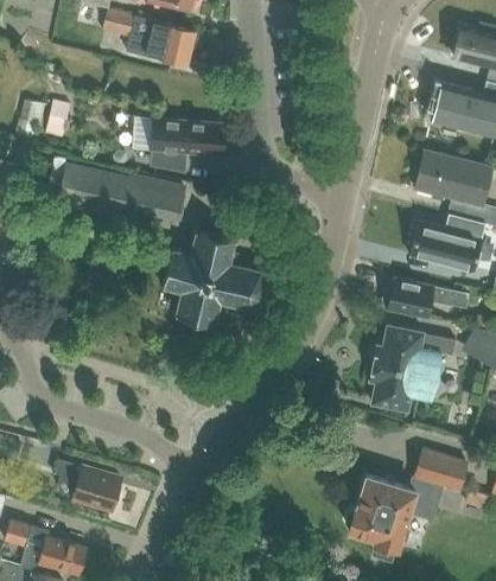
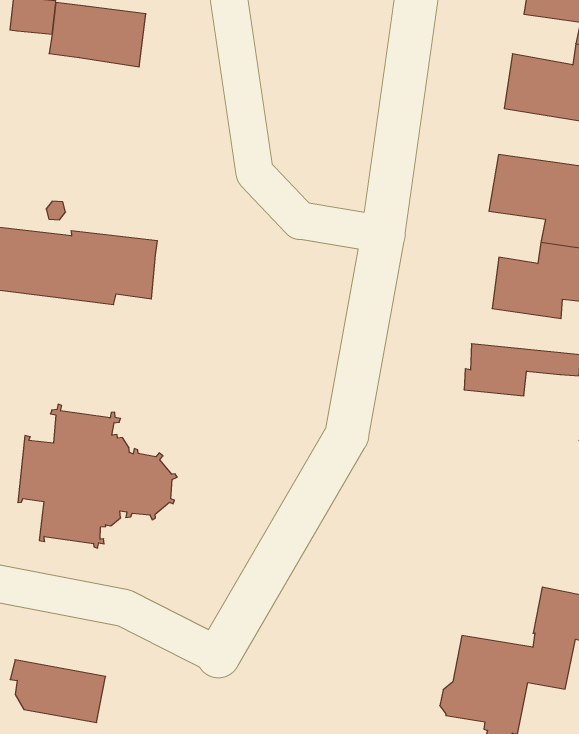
building: [133,116,227,171] -> none
building: [164,226,274,327] -> [18,404,177,548]
building: [370,325,454,410] -> none

